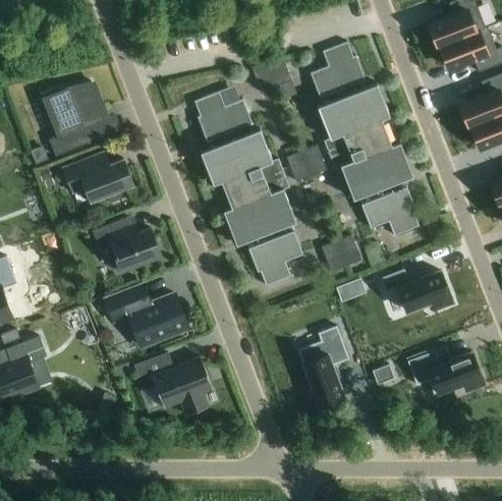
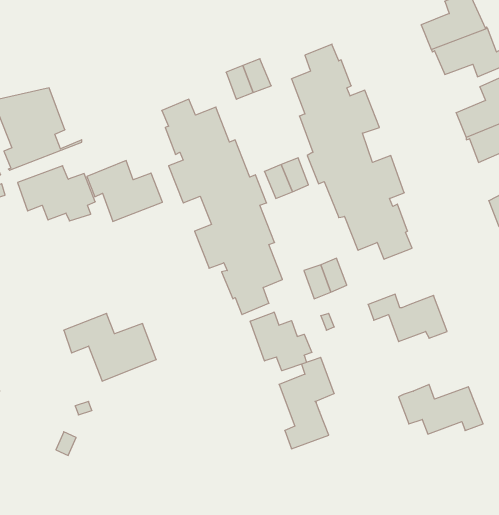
building: [93,217,161,272] -> [87,161,162,221]
building: none -> [250,312,312,371]
building: [134,353,213,415] -> none

